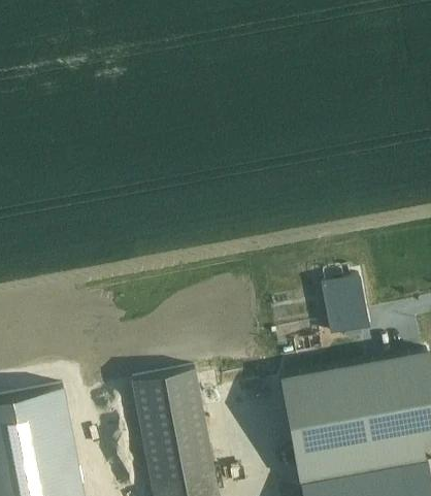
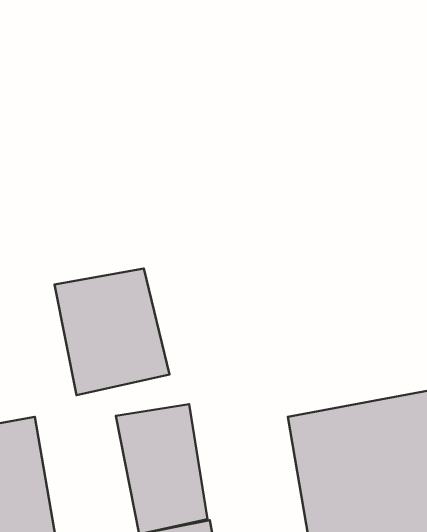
building: none -> [55,268,170,395]
building: [321,276,368,334] -> none

